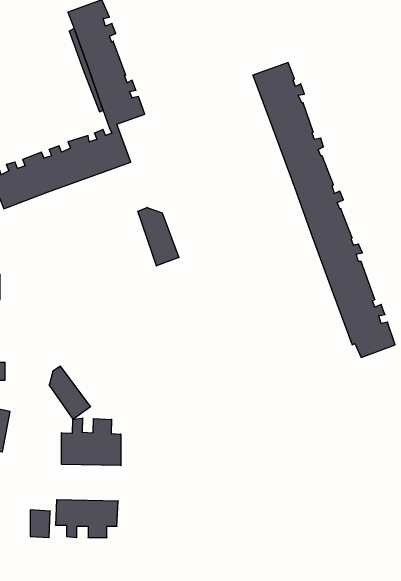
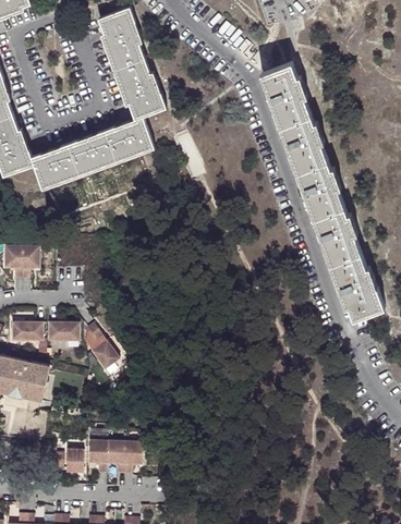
building: [138,207,179,266] -> none
building: none -> [50,322,81,341]
building: [62,418,121,466] -> none

